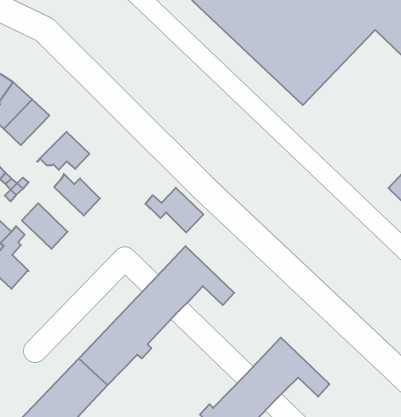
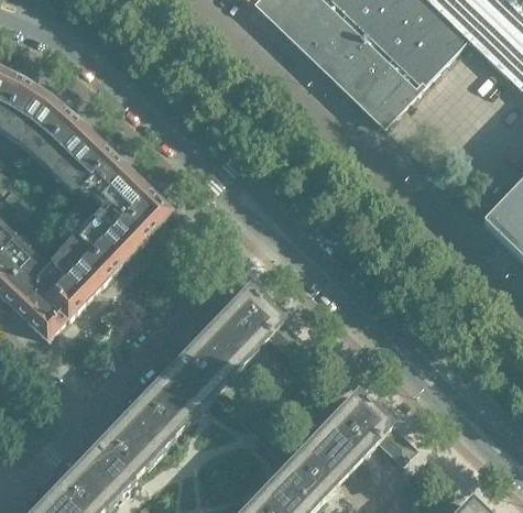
building: none -> [56,137,109,189]
building: none -> [76,219,129,271]
building: [145,188,203,232] -> [100,181,167,232]
building: none -> [46,258,91,318]

